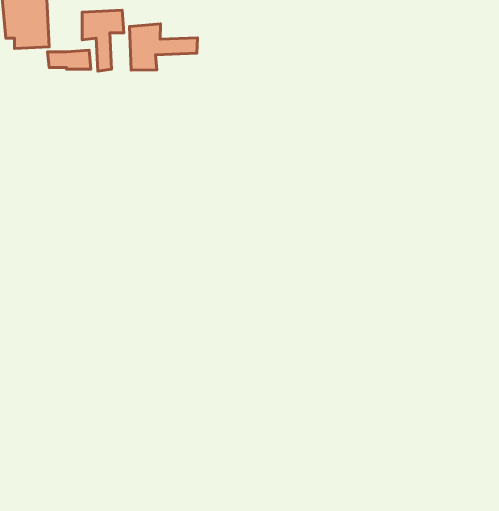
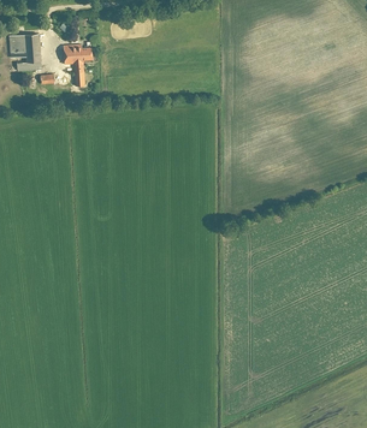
building: [129,24,197,70] -> none

